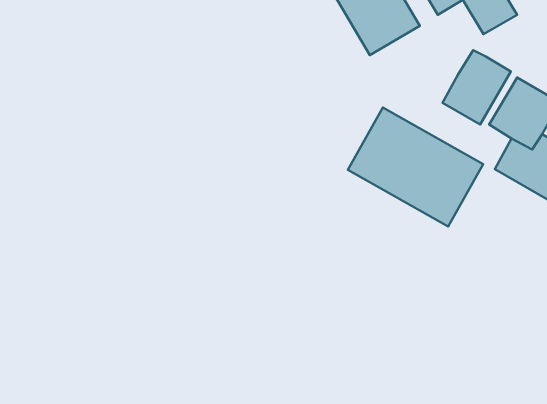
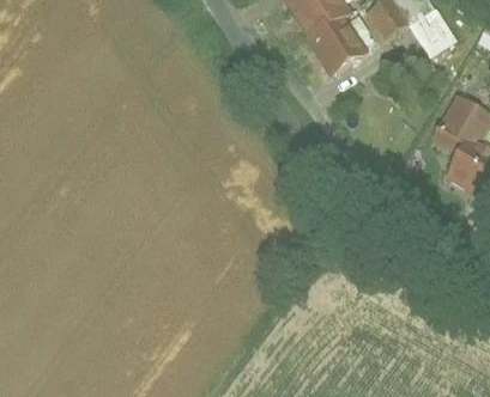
building: [442,50,511,124] -> none
building: [348,108,483,227] -> none

